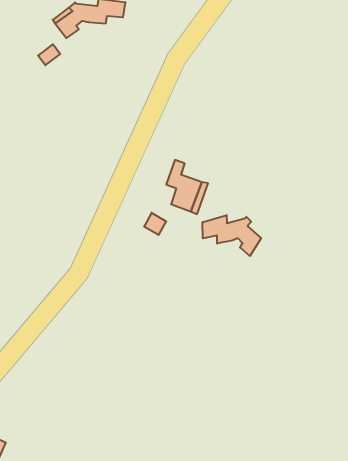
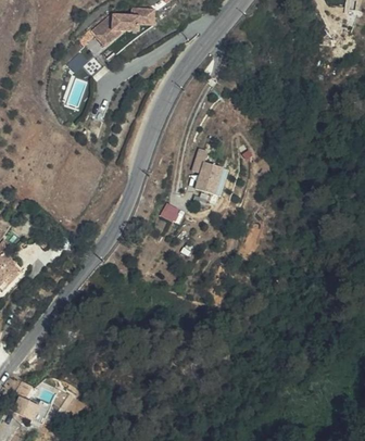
building: [203,215,261,256] -> none

